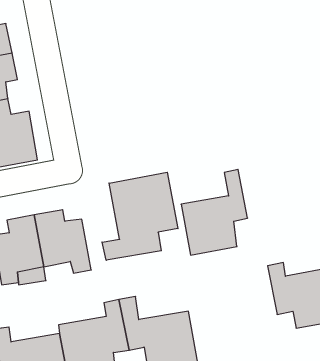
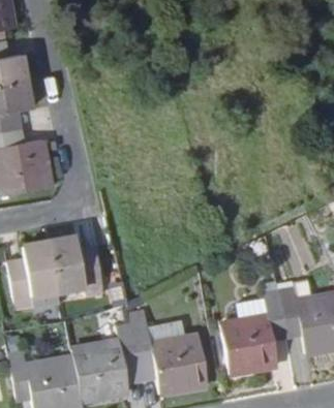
building: [181,169,248,255] -> [221,291,286,375]
building: [102,172,178,260] -> none

